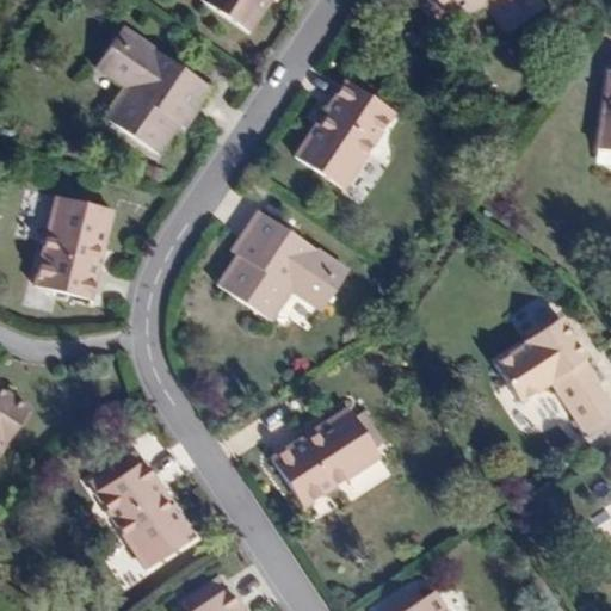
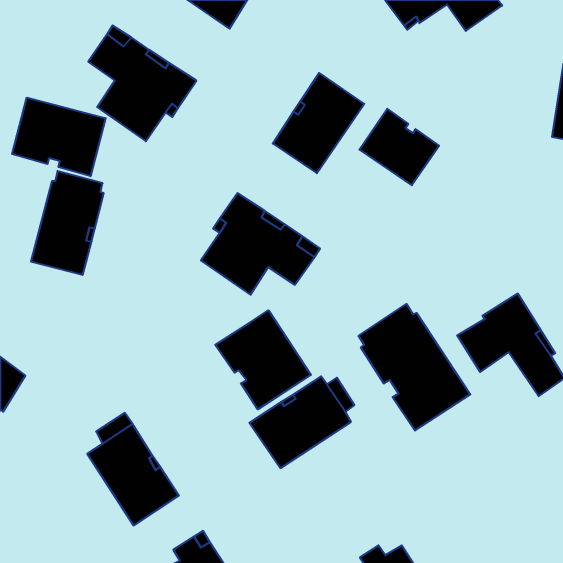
building: none -> [12,98,106,176]
building: none -> [359,109,439,185]
building: none -> [359,304,470,431]
building: none -> [215,310,311,409]

